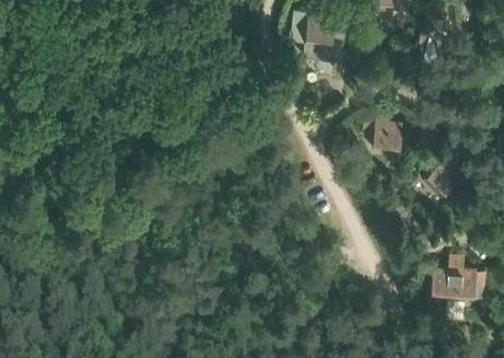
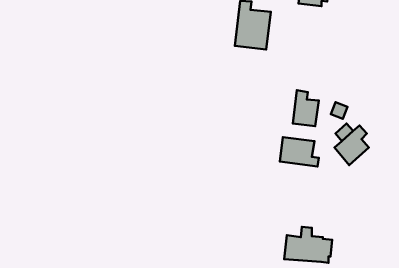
building: none -> [280,137,319,166]
building: [430,259,487,302] -> [284,227,332,263]

